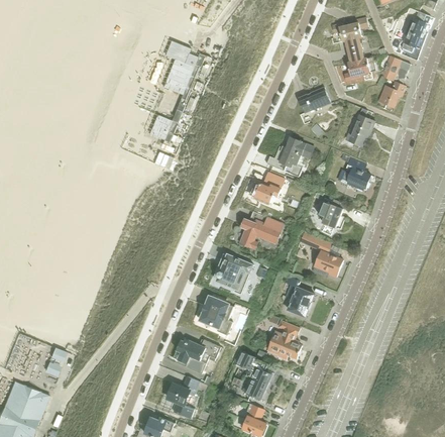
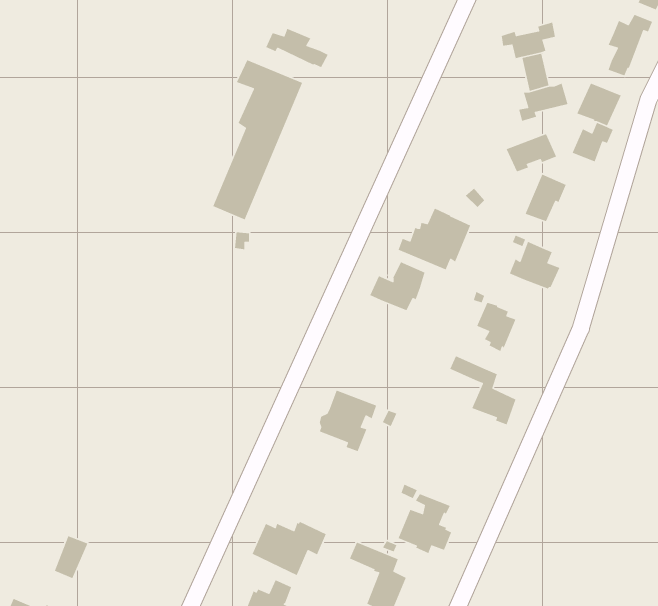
building: none -> [265,28,329,68]
building: [297,88,330,113] -> [506,133,557,172]
building: [239,211,283,249] -> none
building: [285,276,314,317] -> none
building: [197,294,233,336] -> none

